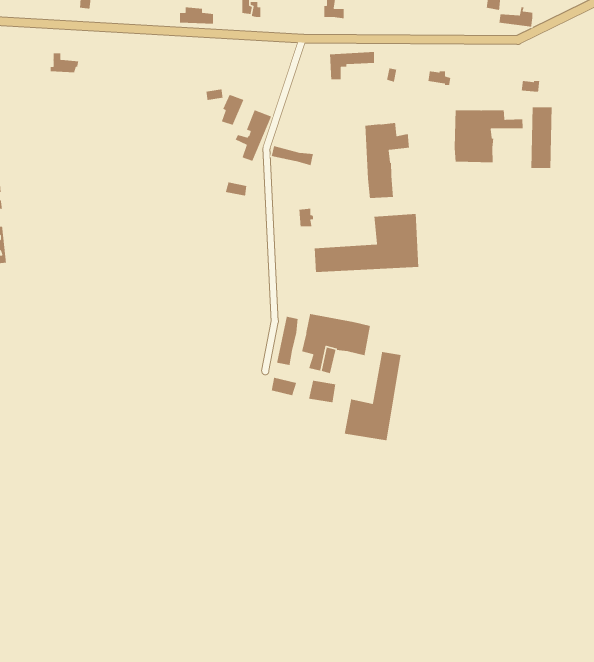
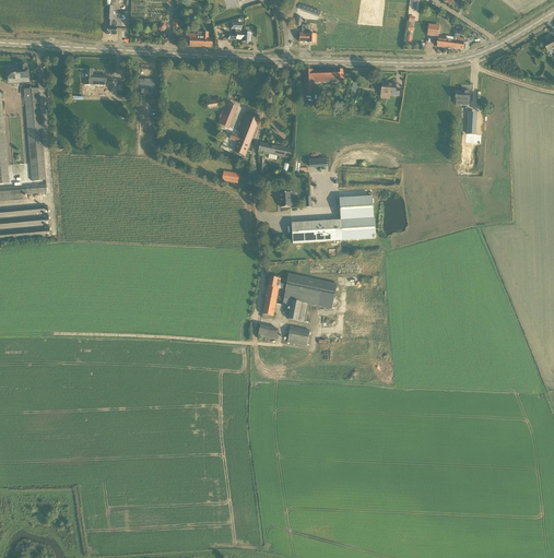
building: [454,109,523,163] -> none
building: [364,122,410,199] -> none
building: [344,351,402,441] -> none

